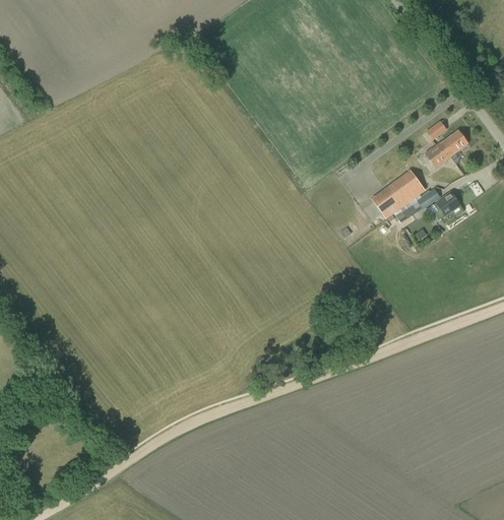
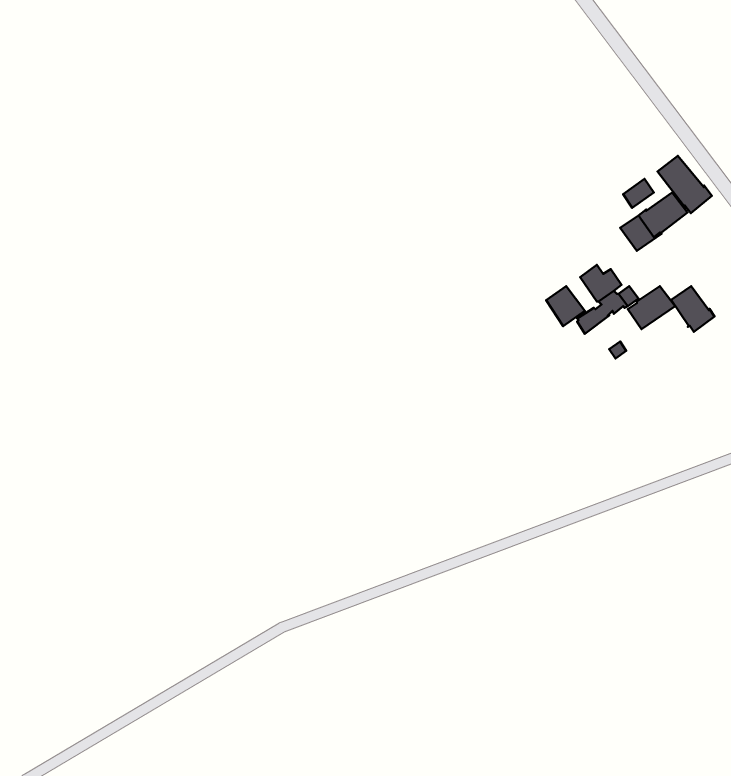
building: none -> [658,156,712,213]
building: none -> [671,286,714,332]

